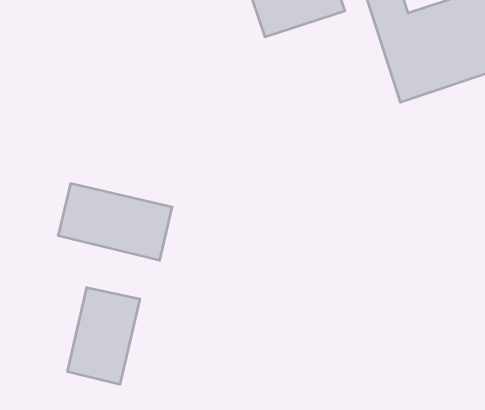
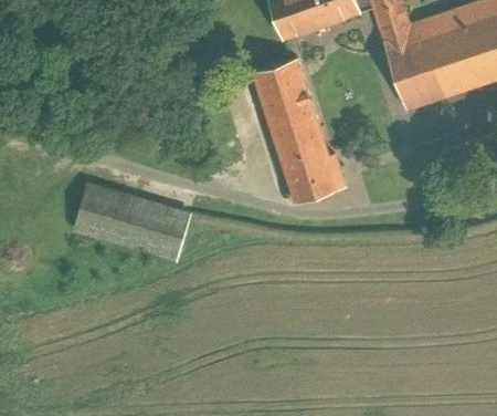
building: none -> [254,58,346,199]
building: [68,287,140,384] -> none

